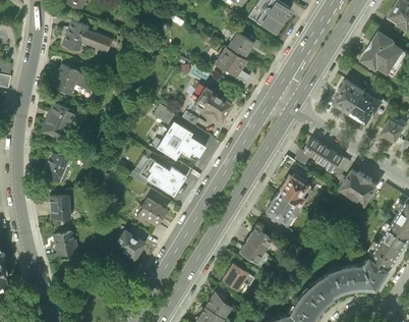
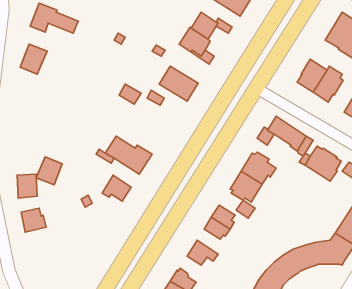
building: [41,102,74,142] -> none
building: [156,120,206,161] -> none
building: [43,153,69,181] -> [36,157,62,185]
building: [113,228,144,259] -> none

